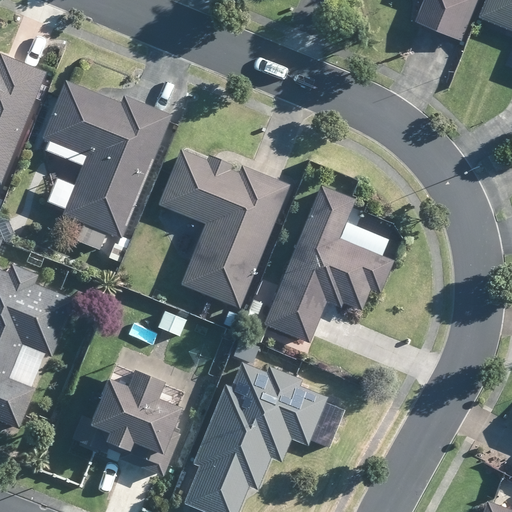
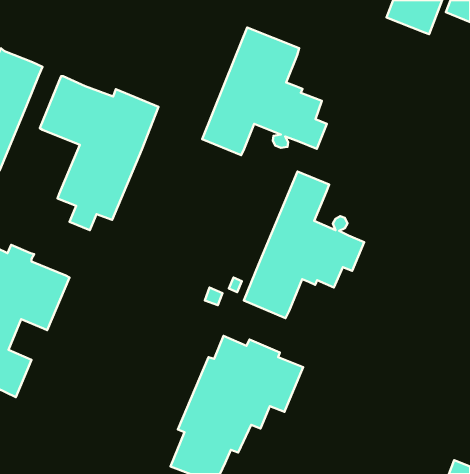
building: none -> [202,28,327,155]
building: [158,150,290,308] -> none
building: [72,369,185,476] -> none

